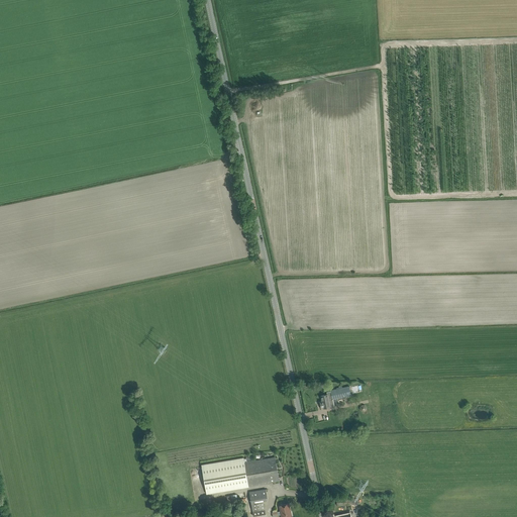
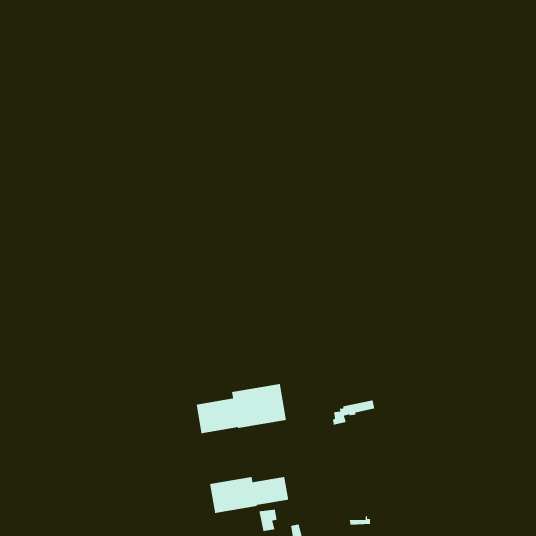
building: none -> [196,383,287,434]

